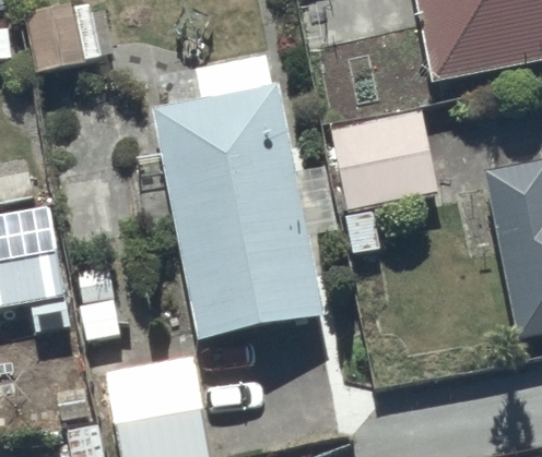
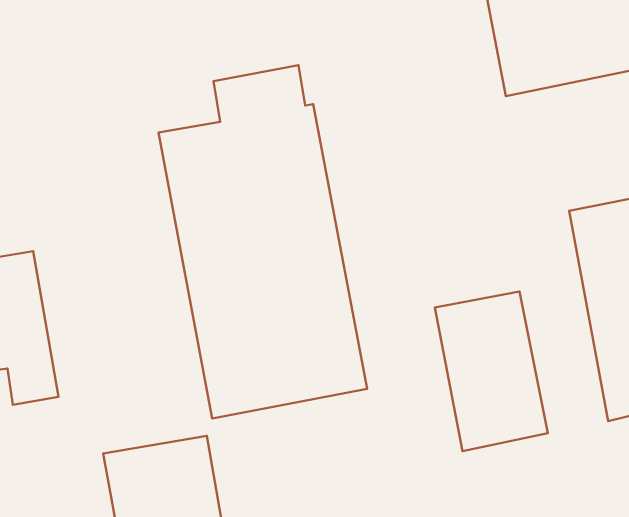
building: [331,109,436,250] -> none
building: none -> [435,292,548,451]

